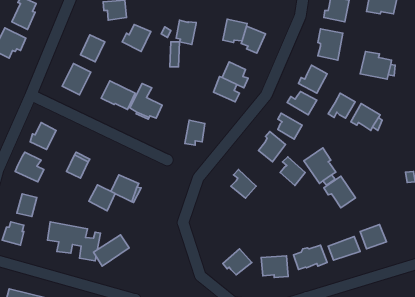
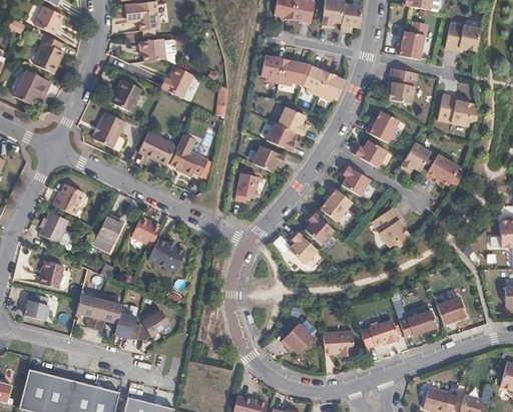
building: [176,20,196,44] -> [260,55,283,83]
building: none -> [317,75,344,103]
building: none -> [244,145,279,171]
building: [280,157,305,185] -> [304,214,333,247]
building: [324,176,356,208] -> none
building: [89,185,115,211] -> [130,216,160,246]

